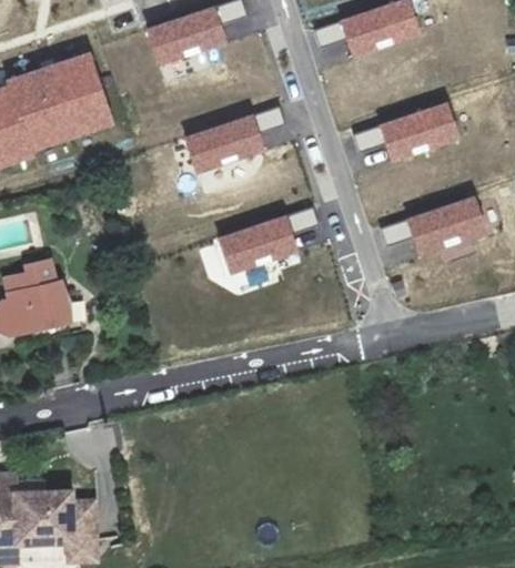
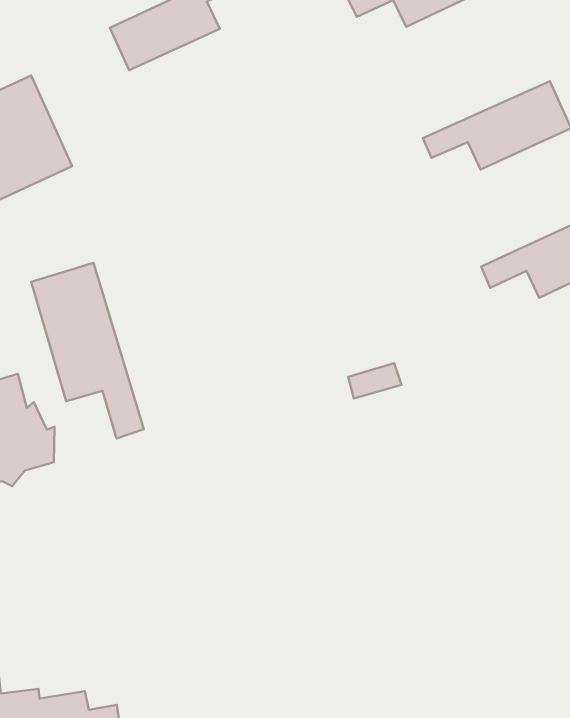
building: [185,108,282,169] -> none
building: none -> [31,263,144,438]
building: [220,210,315,271] -> none

